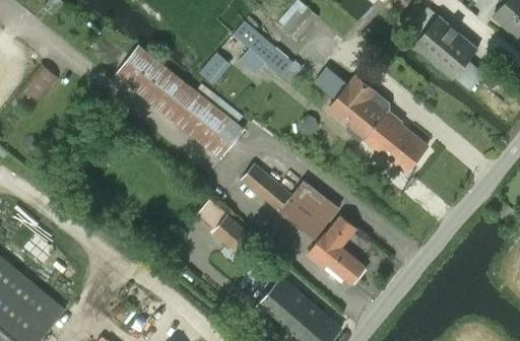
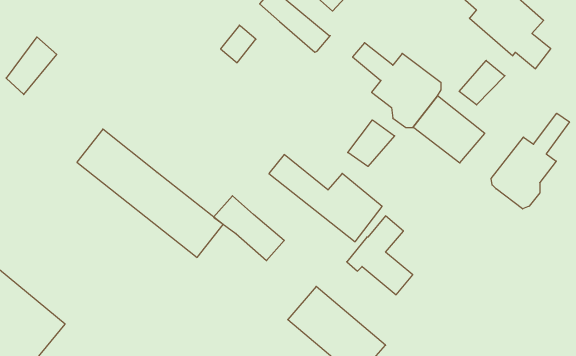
building: [117,47,243,157] -> [77,129,223,257]
building: none -> [459,60,505,105]
building: none -> [491,113,569,209]
building: none -> [348,120,395,166]

